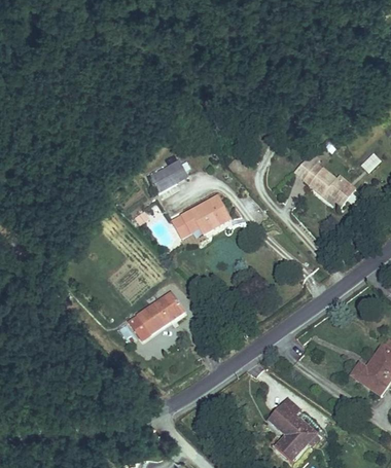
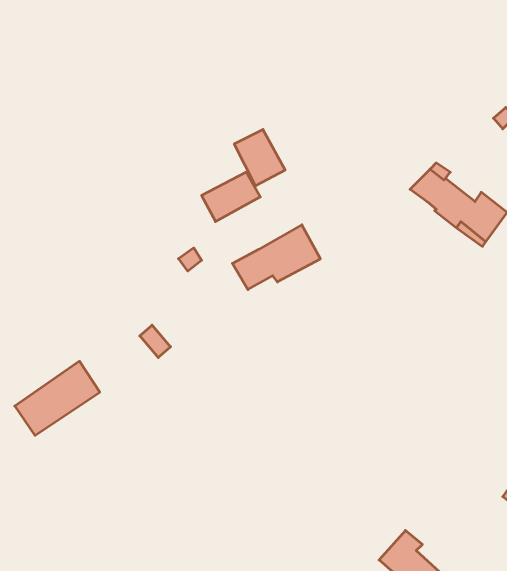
building: none -> [234,129,285,186]
building: [129,292,185,341] -> [15,361,100,435]

